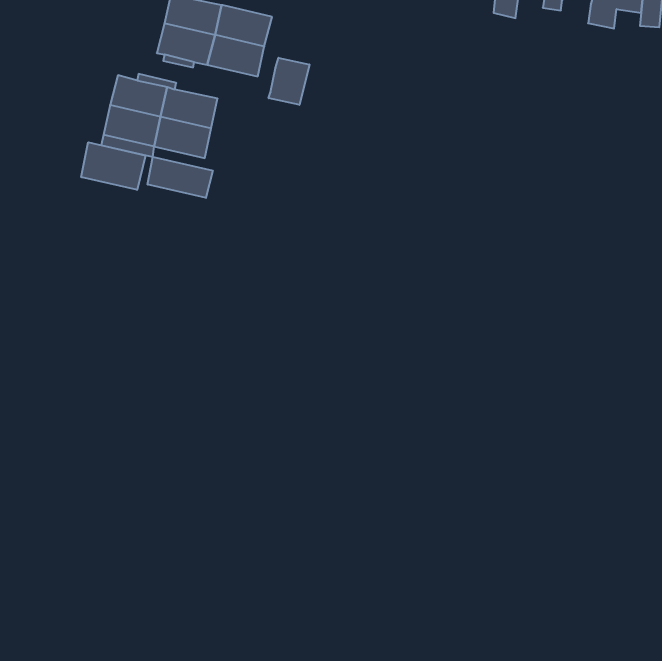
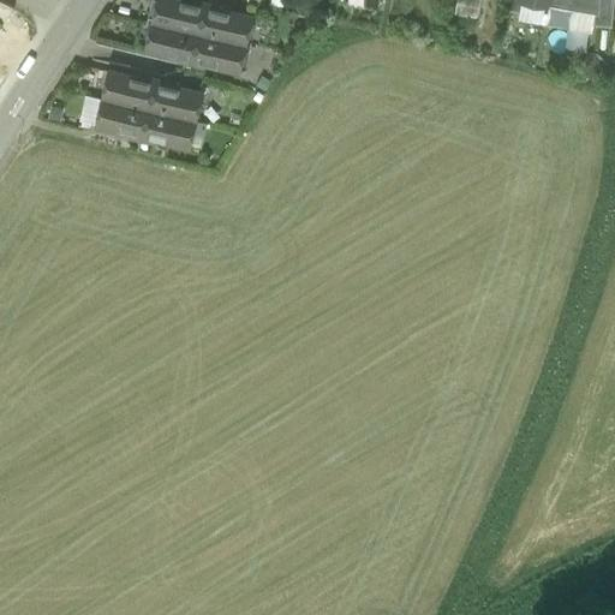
building: [269,58,309,105] -> none
building: [81,142,145,190] -> none
building: [148,157,213,198] -> none

